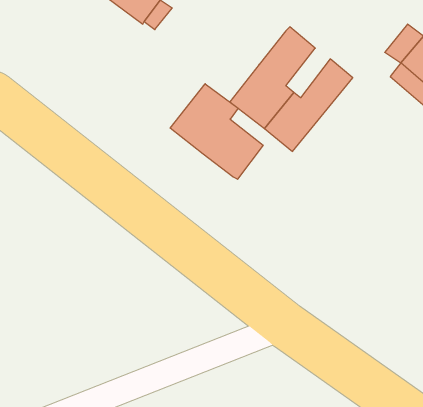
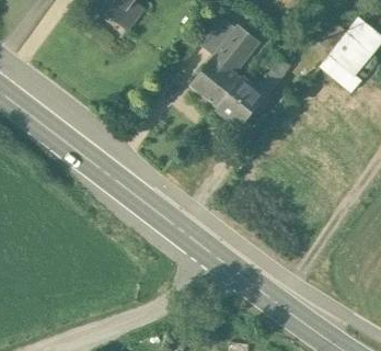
building: none -> [199,16,235,55]
building: [170,84,263,179] -> none

